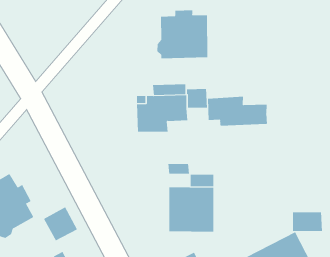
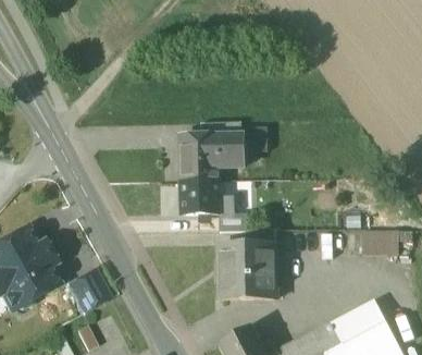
building: [157,9,208,59] -> none
building: [207,96,268,127] -> none
building: none -> [182,179,234,213]
building: [292,212,323,231] -> [362,230,399,254]

